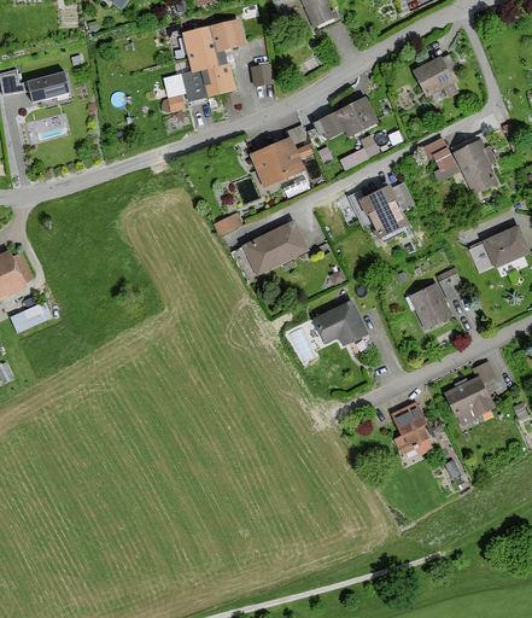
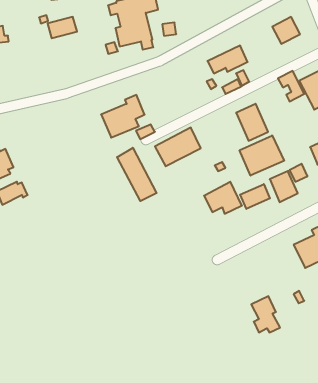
building: [28,72,71,104] -> [48,17,77,38]
building: [250,121,314,183] -> [101,95,145,138]
building: none -> [240,135,284,176]
building: none -> [117,148,157,201]
building: none -> [240,184,270,209]
building: [391,402,433,455] -> [251,296,280,332]

